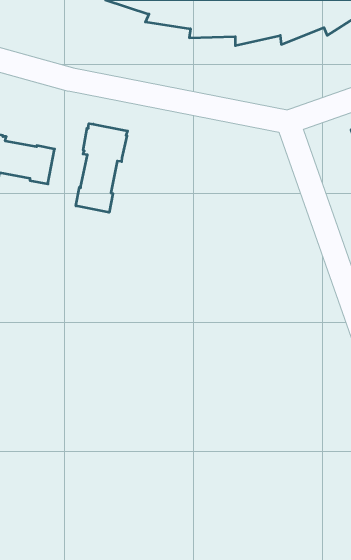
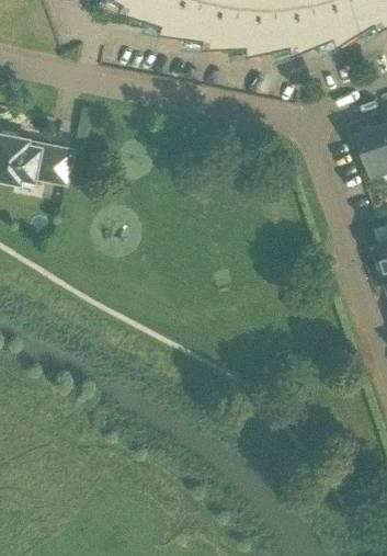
building: [76,124,128,212] -> none

